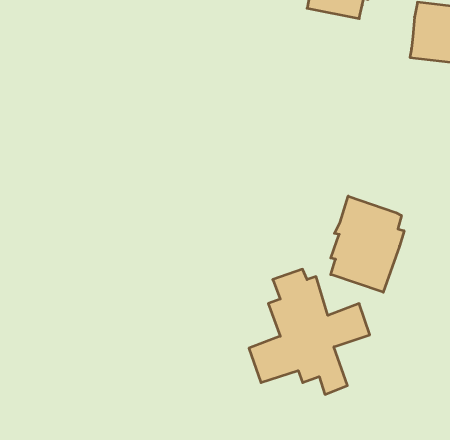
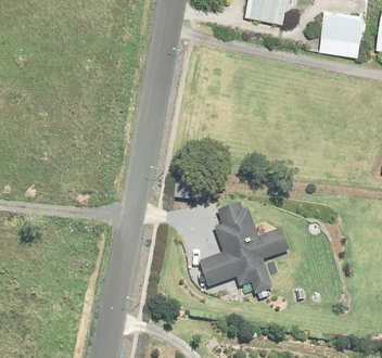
building: [331,196,404,292] -> none

